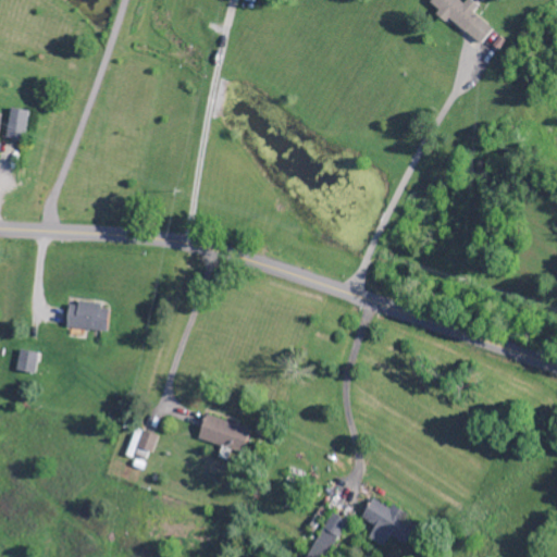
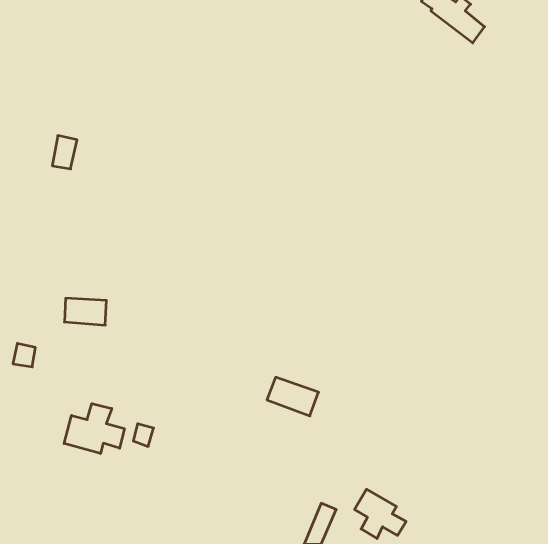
building: [5,106,30,139] -> [52,136,77,169]
building: none -> [64,404,124,454]
building: [197,413,249,453] -> [267,377,319,416]

